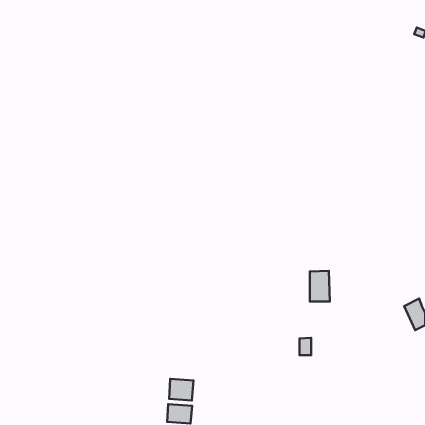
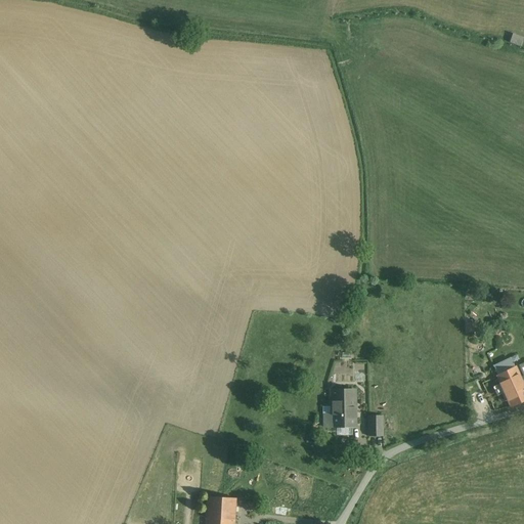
building: [310,271,330,301] -> [332,390,356,428]
building: [169,379,194,400] -> none

